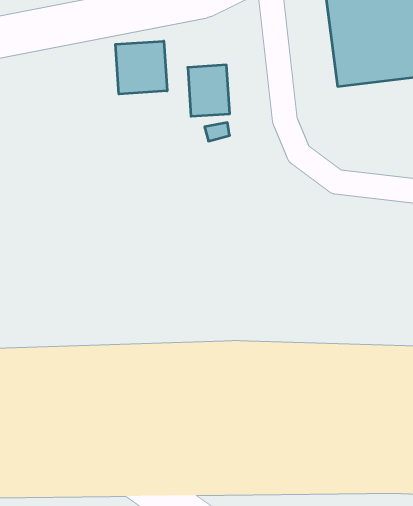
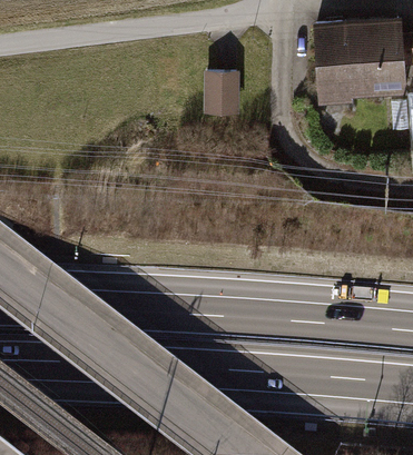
building: [116,41,167,94] -> none

